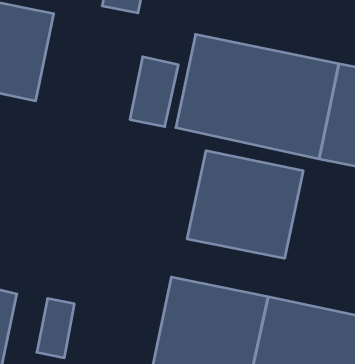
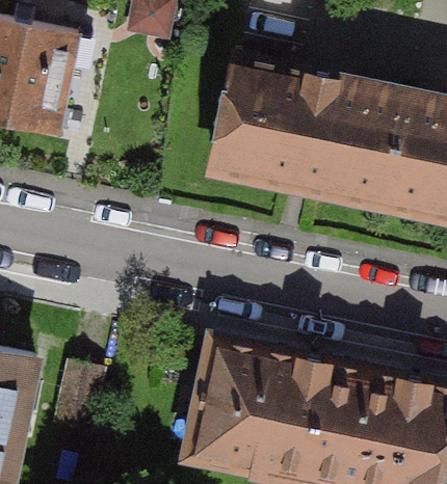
building: [187,151,303,258] -> none

